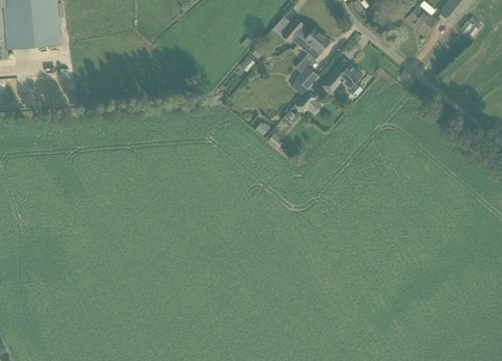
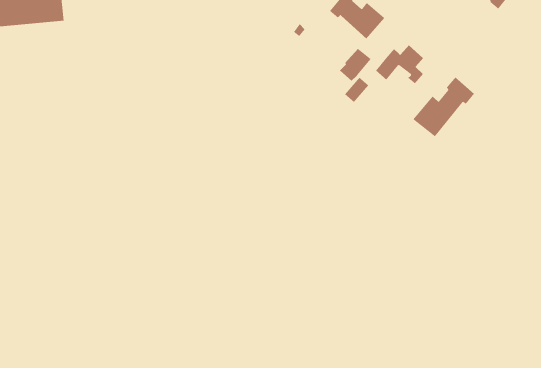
building: none -> [413,76,475,137]

